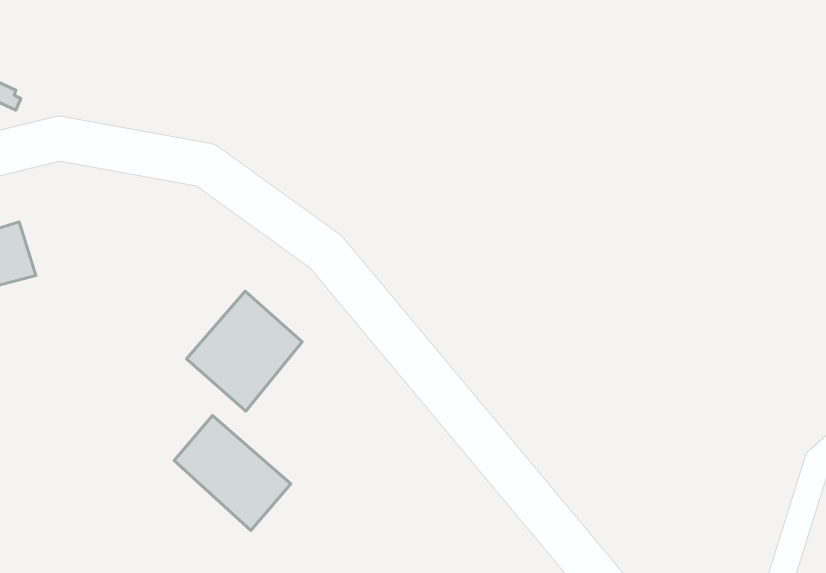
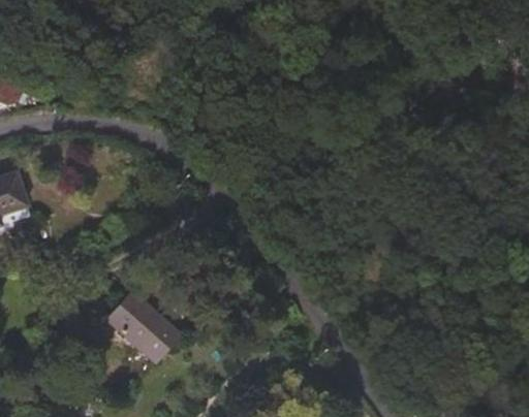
building: [186,291,302,411] -> none

